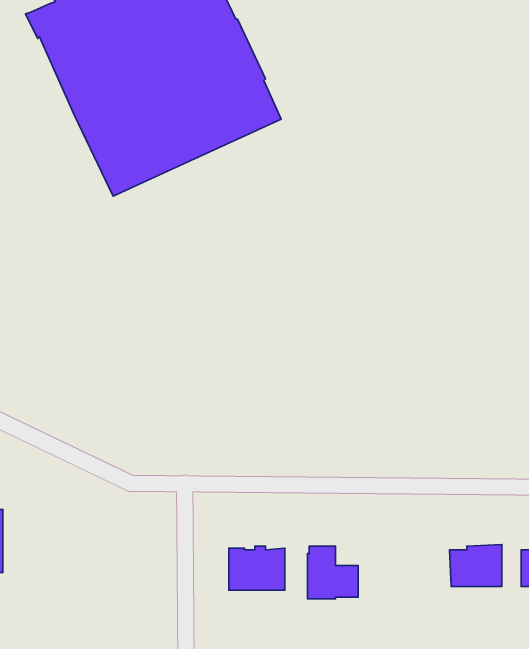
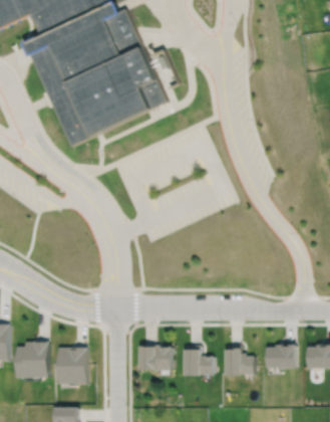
building: none -> [17,341,48,377]
building: none -> [224,345,254,376]
building: none -> [58,347,87,384]

